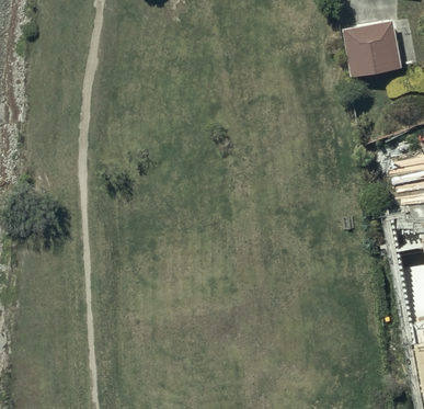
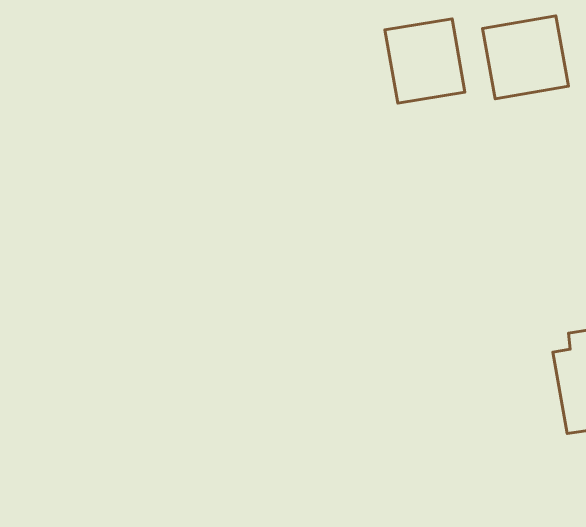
building: none -> [385,19,465,103]

